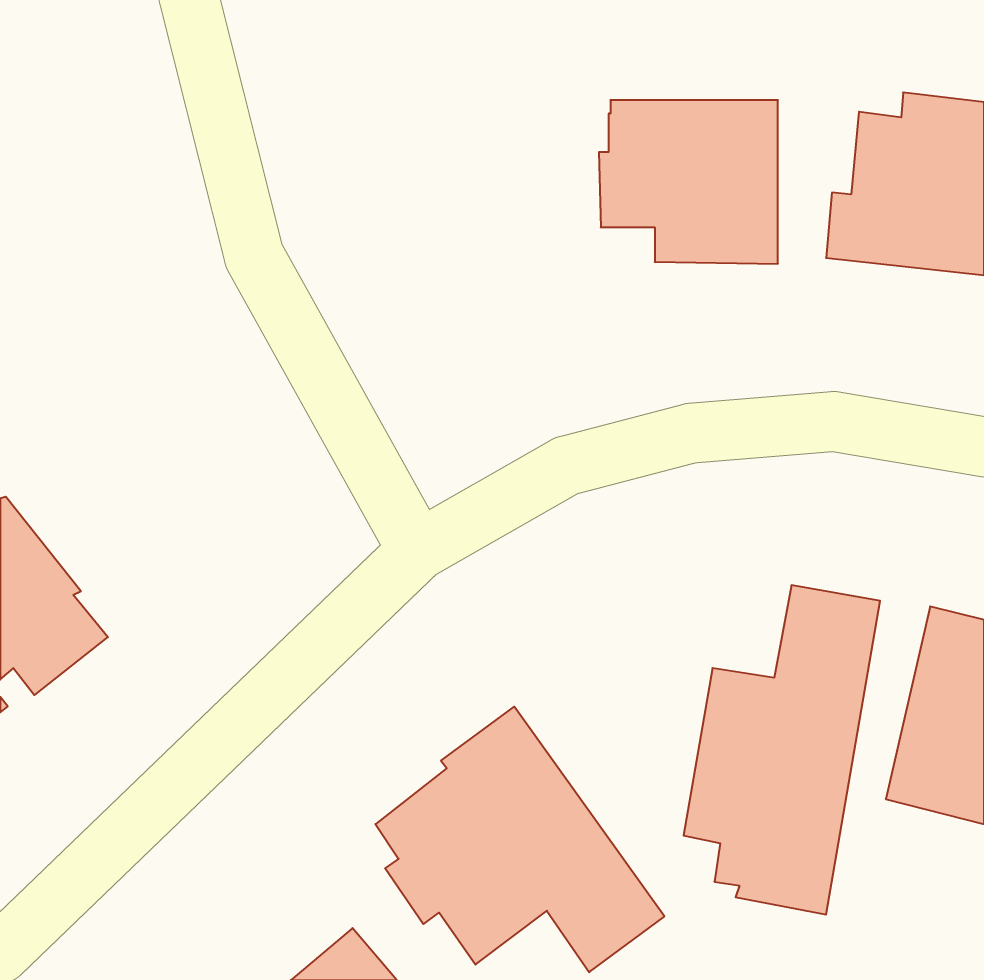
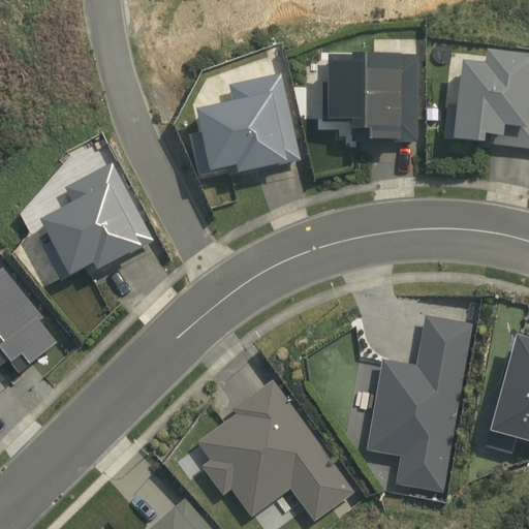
building: none -> [190,72,301,176]
building: none -> [39,162,153,280]

